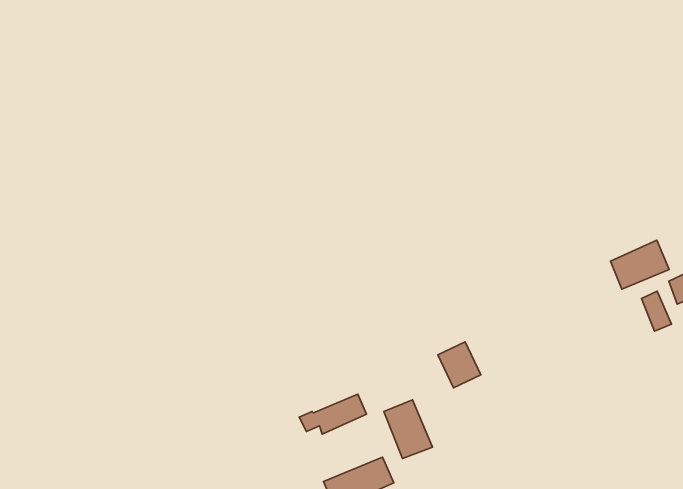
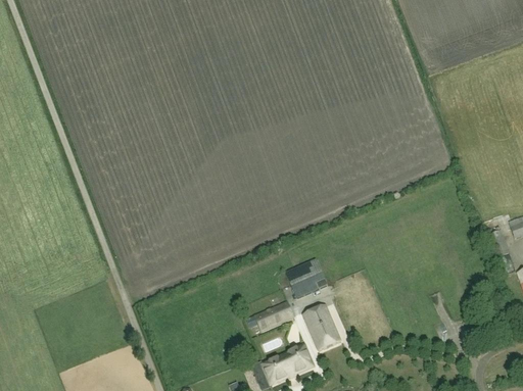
building: [610,240,669,289] -> none
building: [438,342,481,388] -> [289,264,320,297]

